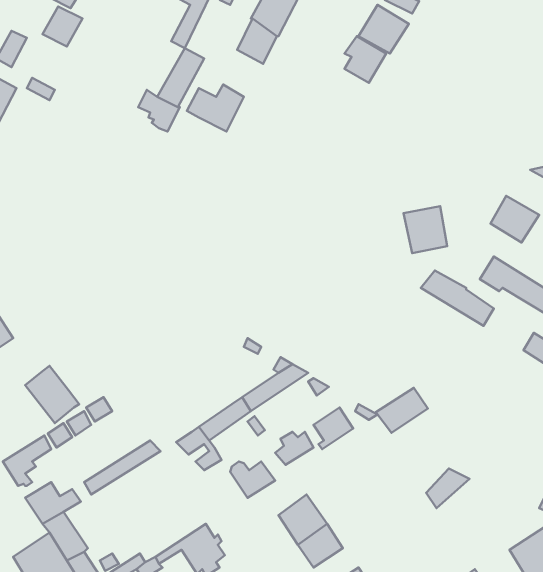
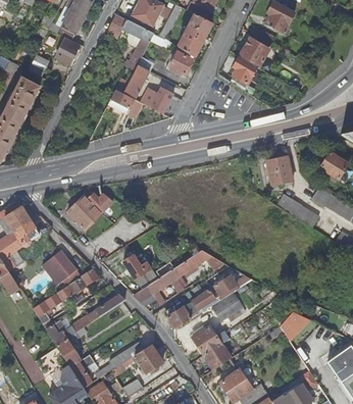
building: none -> [66,193,115,231]
building: none -> [123,256,165,290]
building: [376,388,428,433] -> [212,294,243,320]

